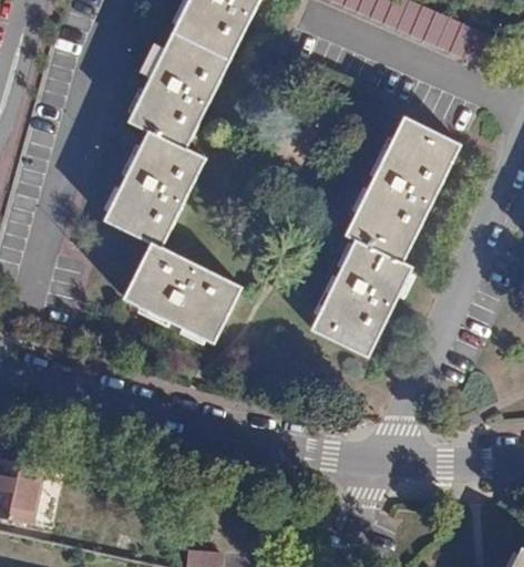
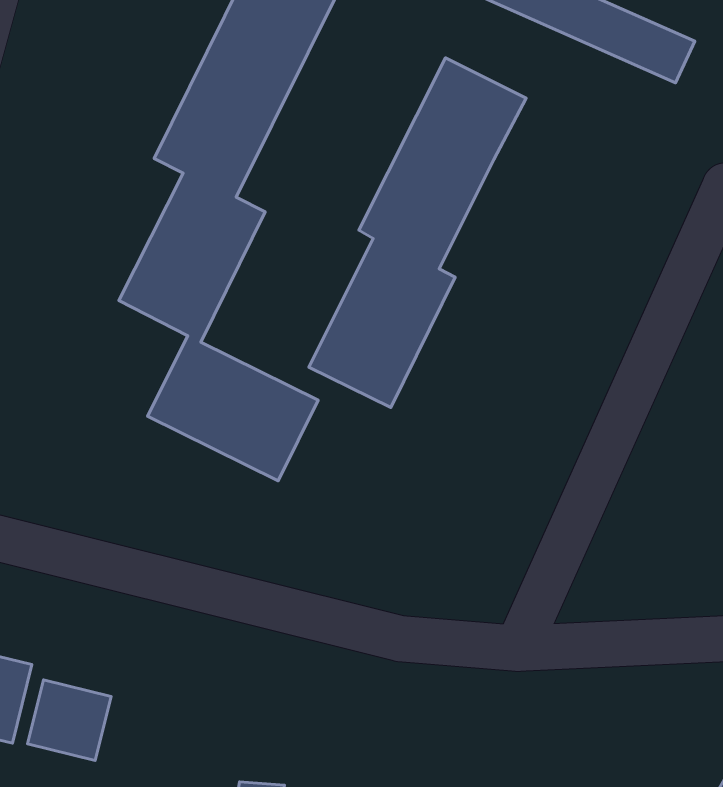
building: [311,116,461,357] -> [309,58,526,407]
building: none -> [27,680,111,760]

